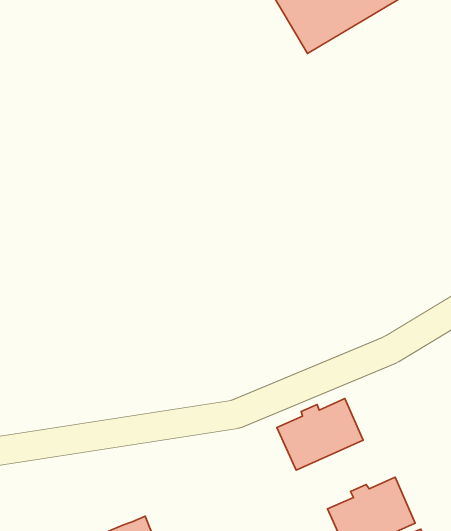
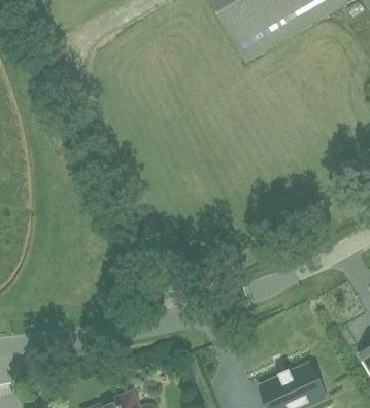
building: [277,398,363,470] -> none

